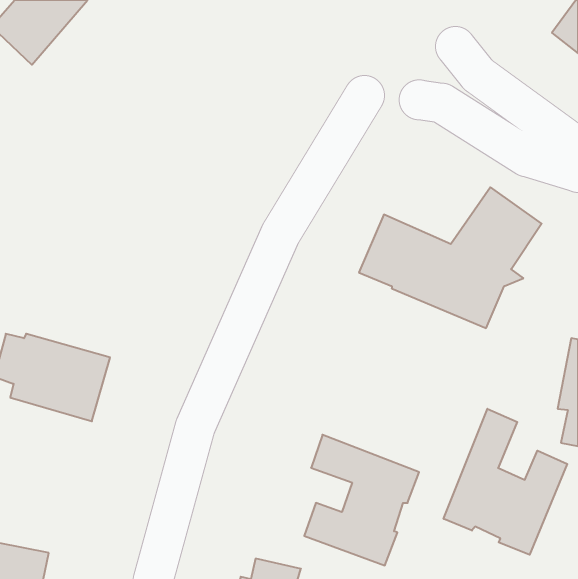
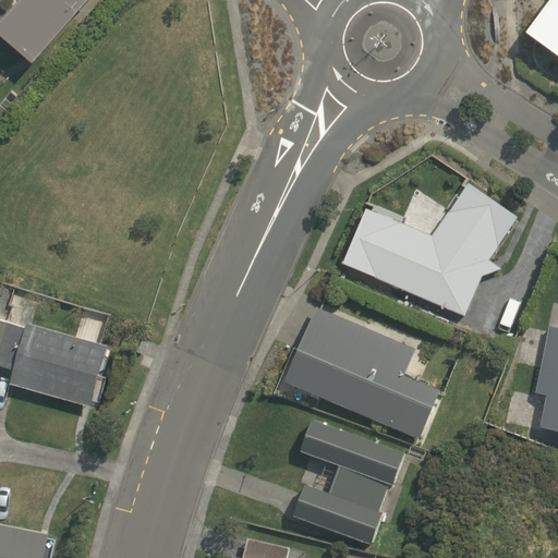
building: none -> [281,307,439,438]
building: [444,409,567,555] -> none

